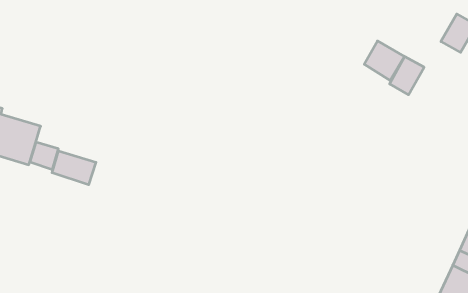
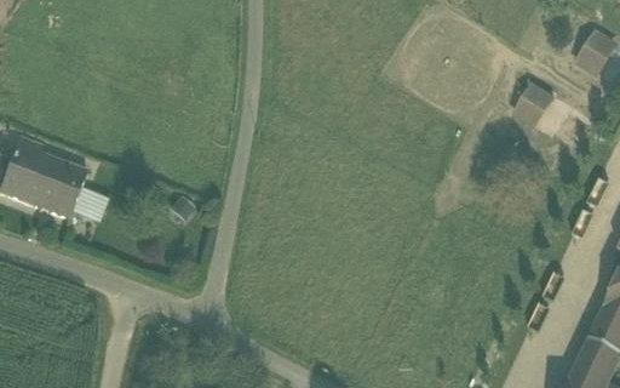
building: [364,41,404,80] -> none
building: [52,151,96,185] -> none

